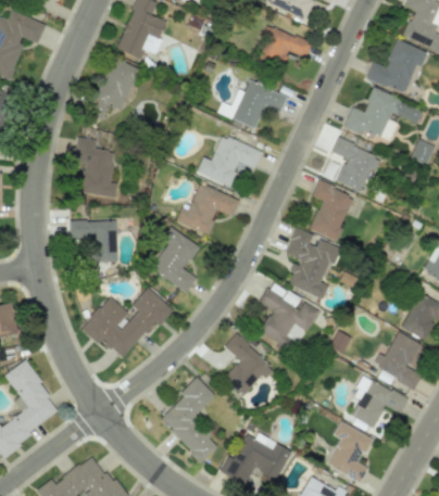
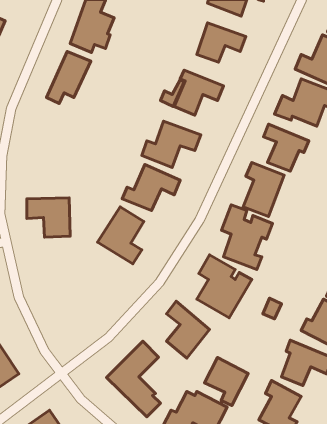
building: [75,137,117,196] -> none
building: [83,288,170,361] -> none
building: none -> [205,358,248,405]

